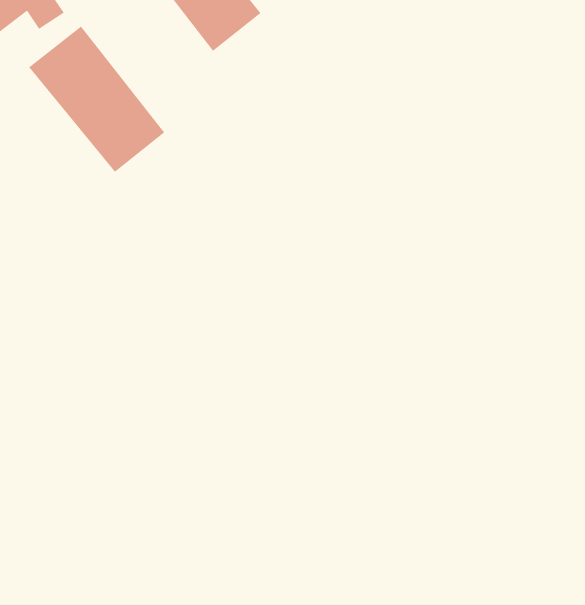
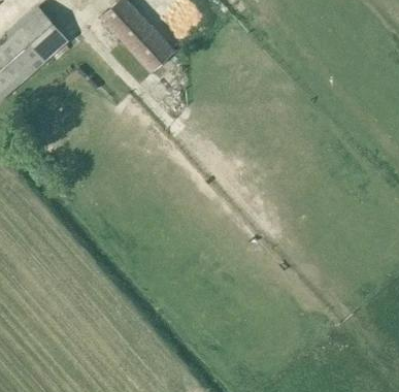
building: [28,25,165,173] -> none

